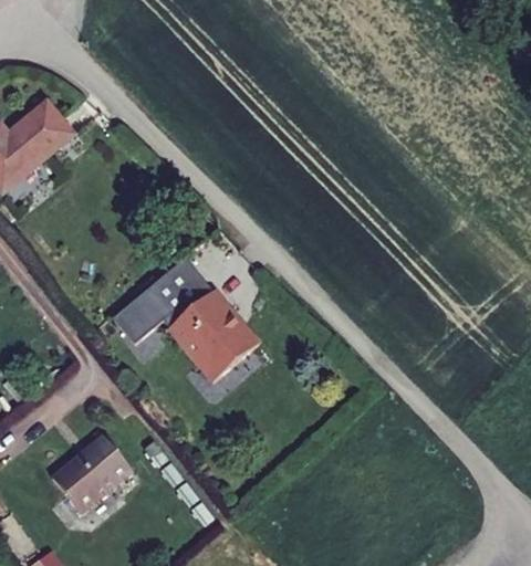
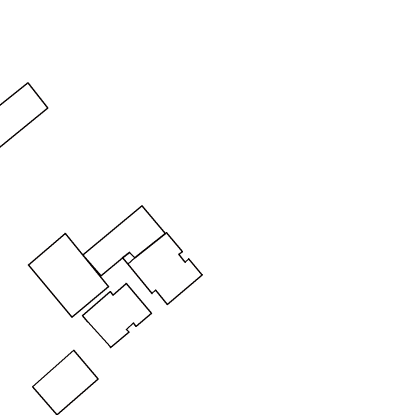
building: none -> [28,233,109,317]
building: none -> [83,283,151,348]

